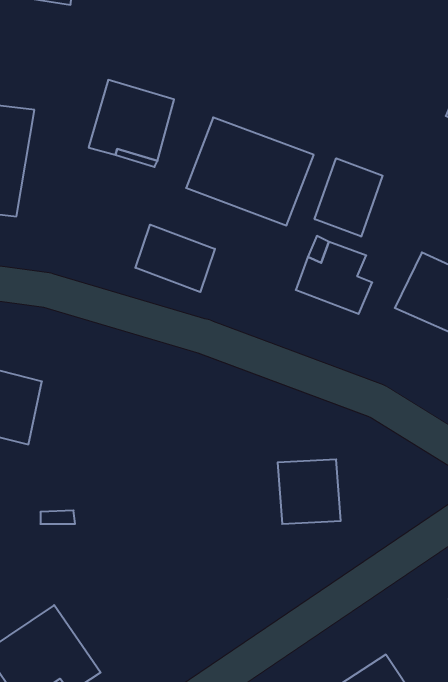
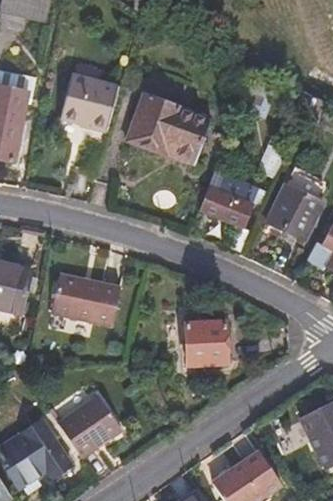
building: [315,158,383,237] -> none
building: [135,225,215,292] -> none
building: none -> [48,275,118,329]
building: none -> [57,394,121,456]

